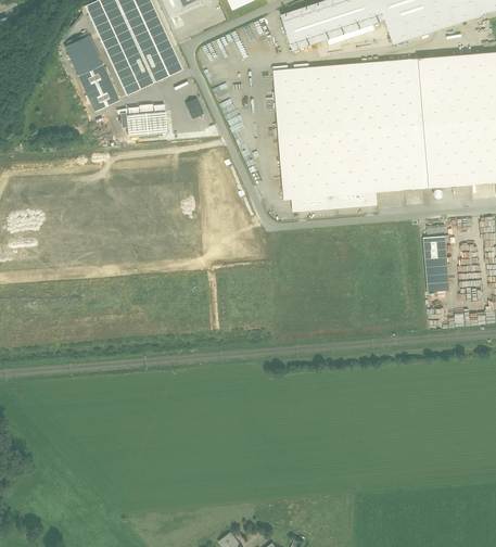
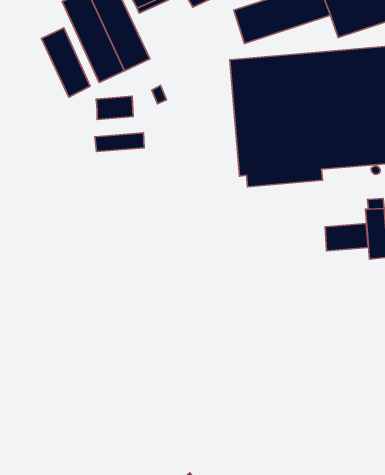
building: none -> [95,133,144,152]
building: none -> [325,224,368,251]

